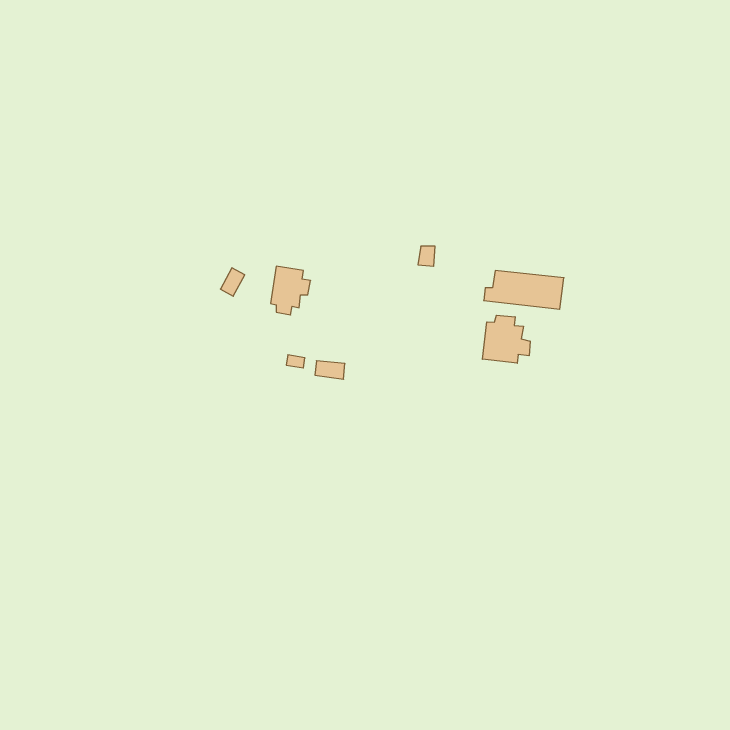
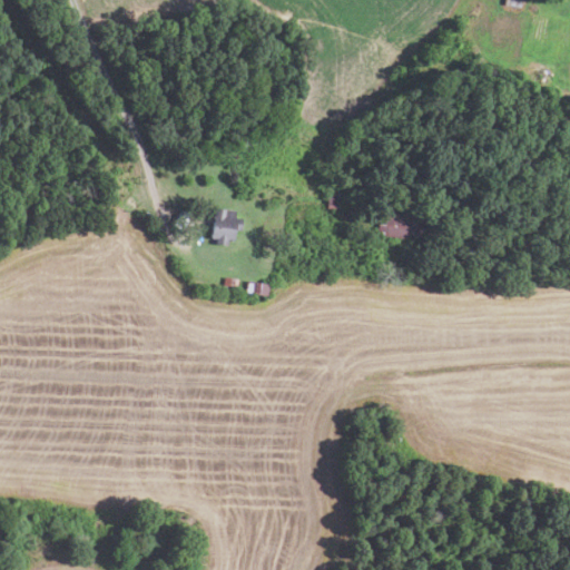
building: [482,315,530,363] -> none

